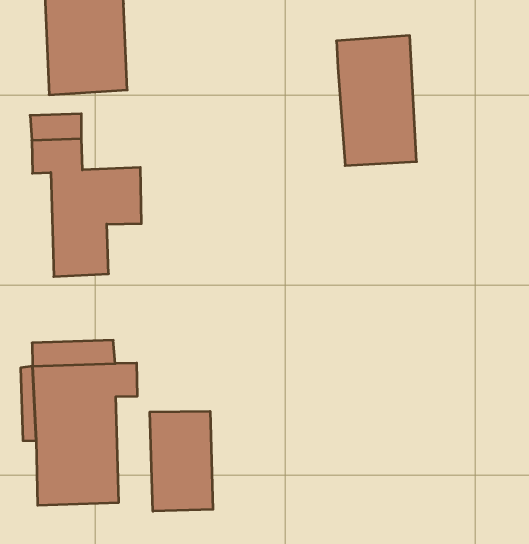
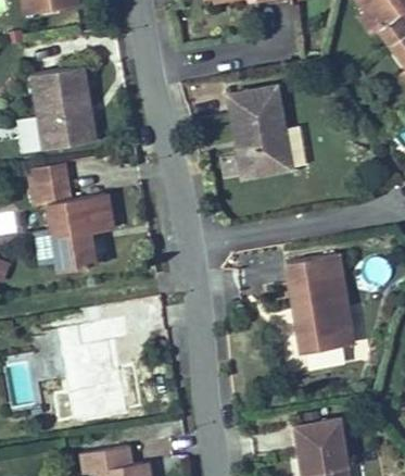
building: none -> [288,254,353,354]
building: [150,411,213,511] -> none

